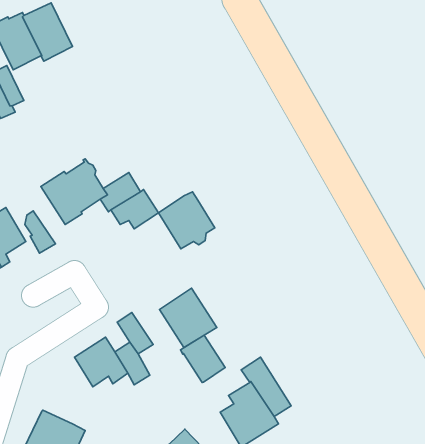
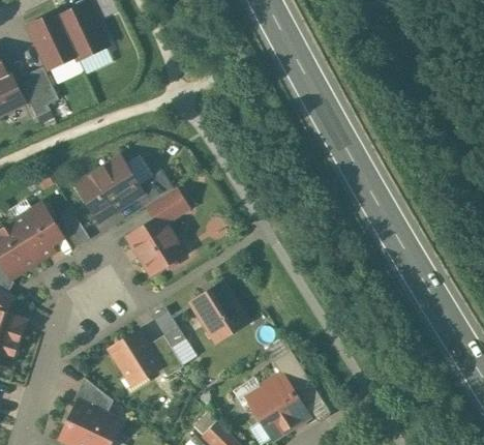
building: [158,192,215,249] -> [128,217,183,273]
building: [181,335,225,382] -> none
building: none -> [72,378,113,416]

